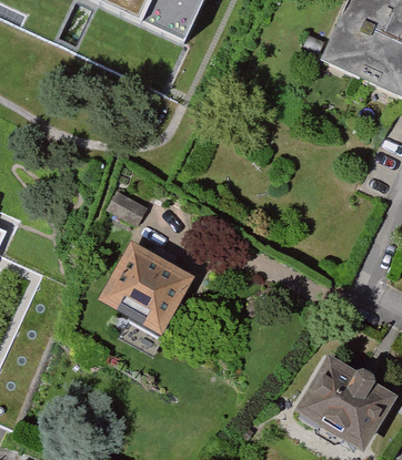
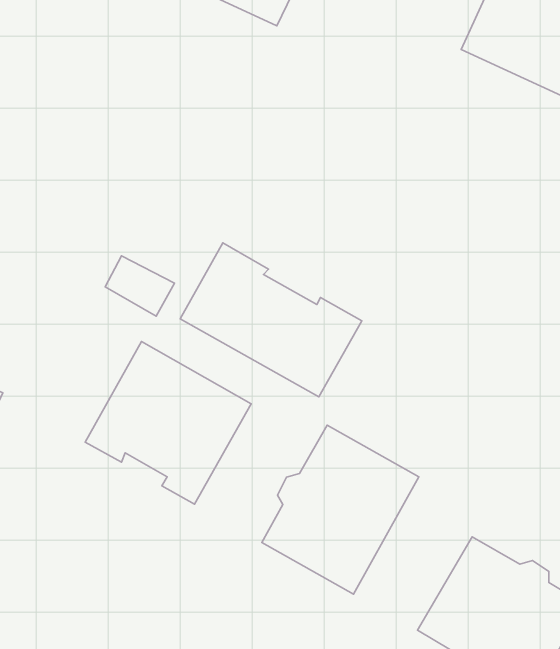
building: none -> [180,243,362,397]
building: none -> [262,425,419,594]

